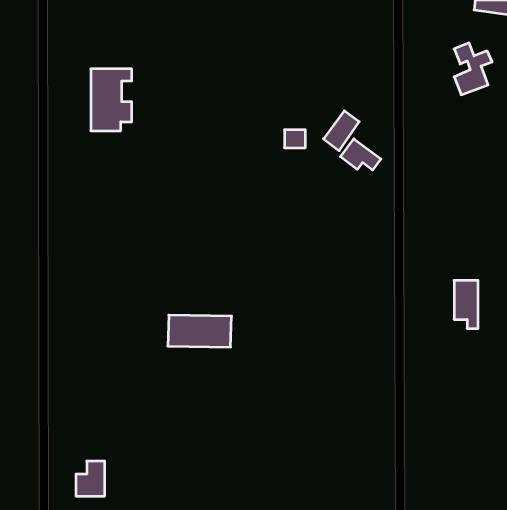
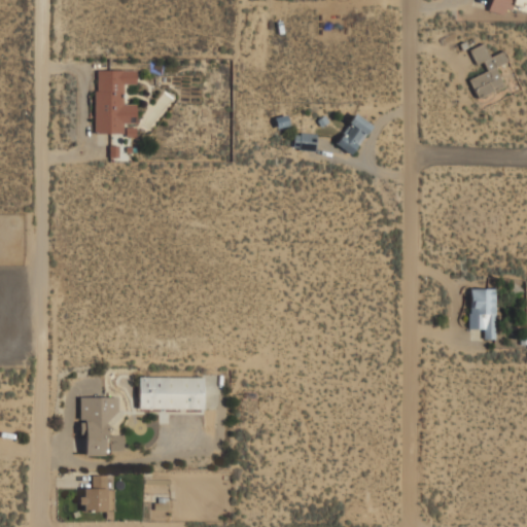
building: [340,139,381,170] -> none
building: [168,315,232,347] -> [140,378,206,411]
building: none -> [83,397,119,456]

